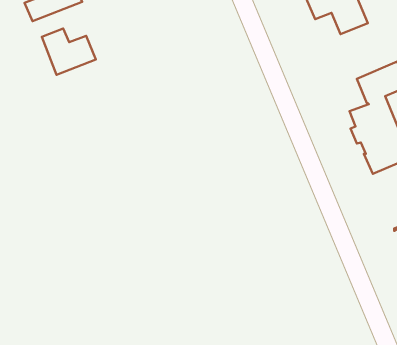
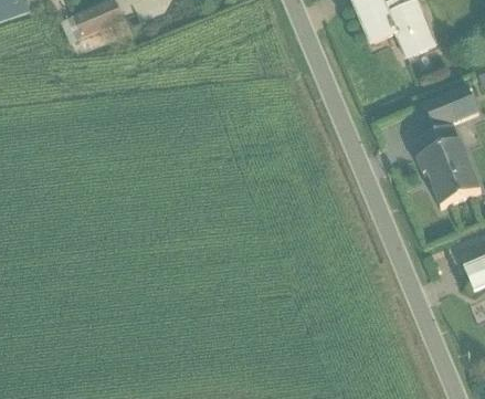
building: [42,29,96,75] -> none

